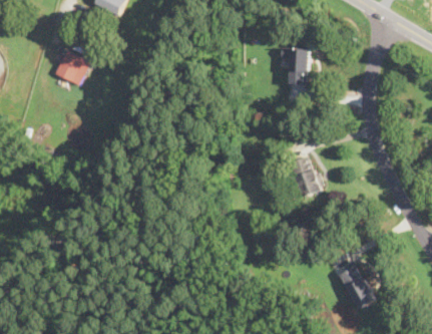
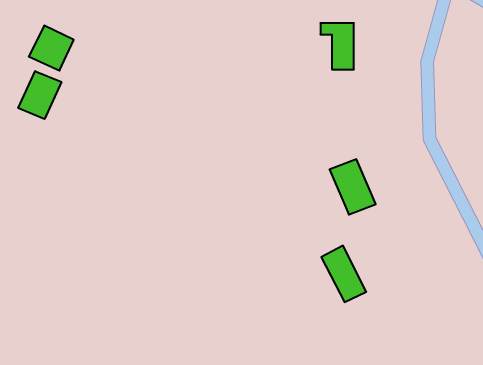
building: none -> [18,71,61,119]
building: [339,264,374,308] -> [321,246,366,302]

